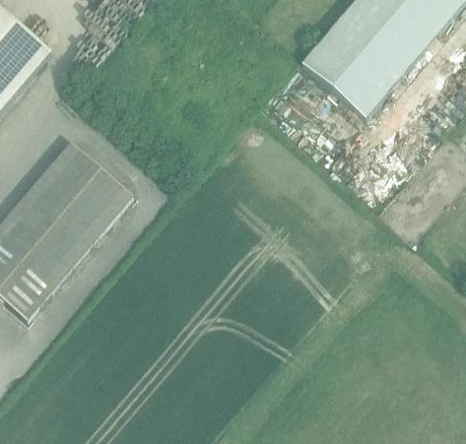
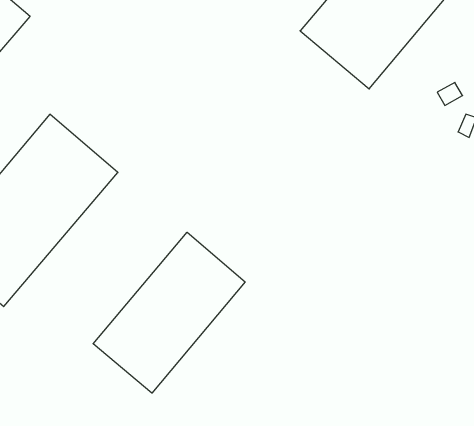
building: none -> [93,232,245,393]

